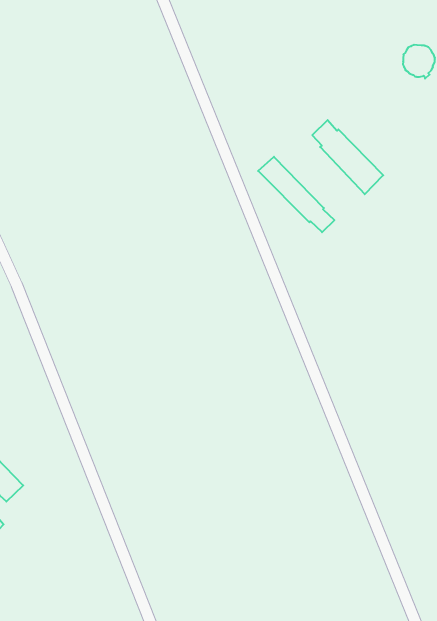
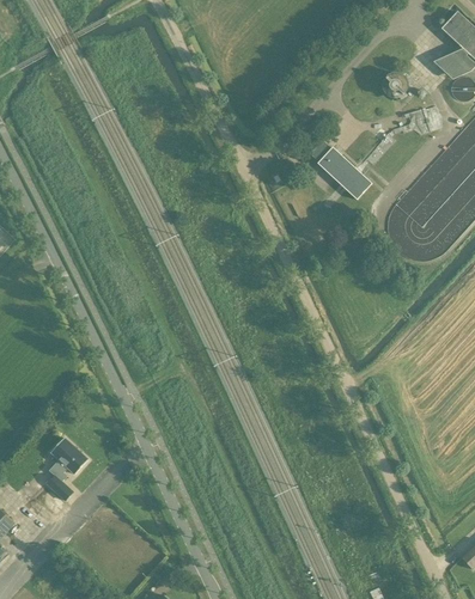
building: [258,157,334,232] -> none

